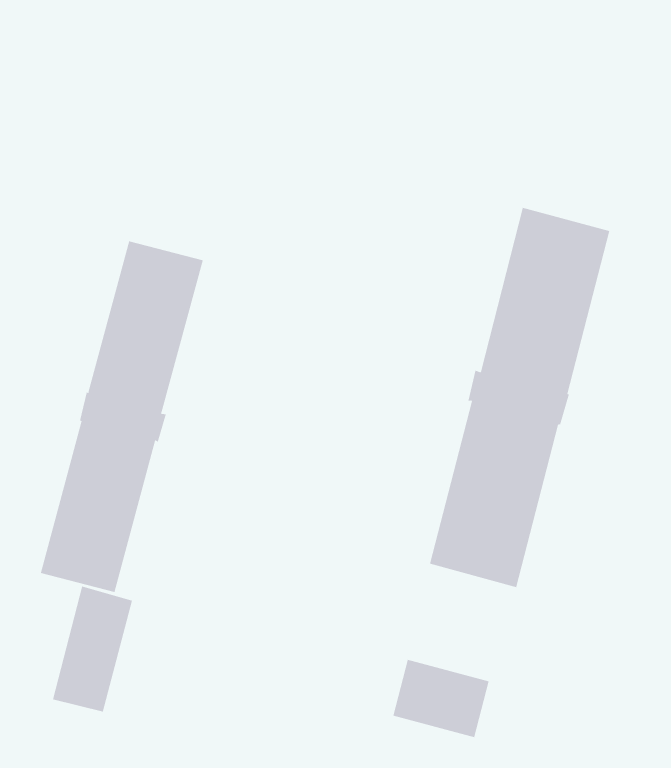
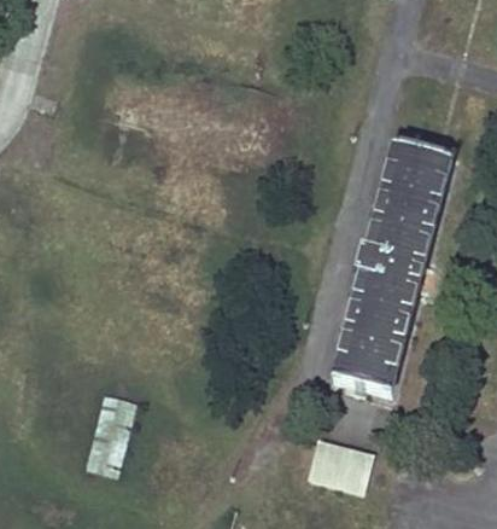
building: [40,240,203,593] -> none

